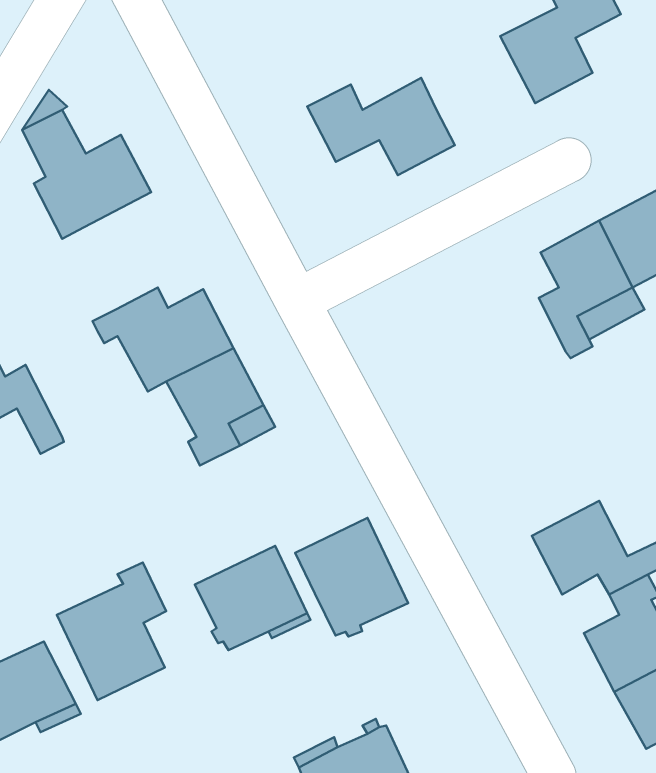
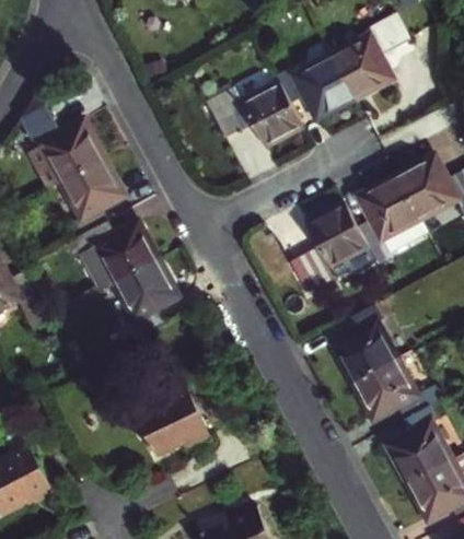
building: none -> [277,55,355,118]
building: none -> [60,156,124,233]
building: none -> [290,202,374,292]
building: none -> [333,303,396,380]
building: [295,518,408,637] -> none
building: [57,562,166,700] -> none

